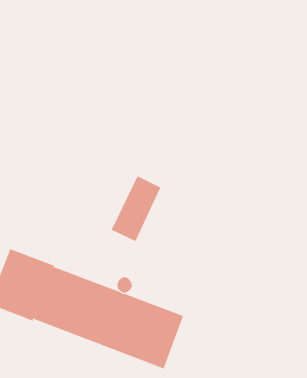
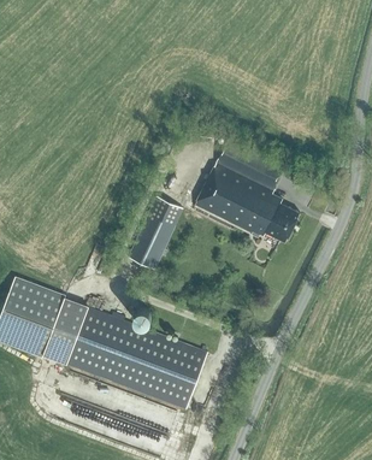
building: none -> [193,140,299,244]

